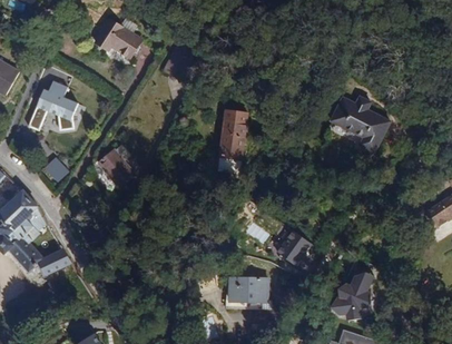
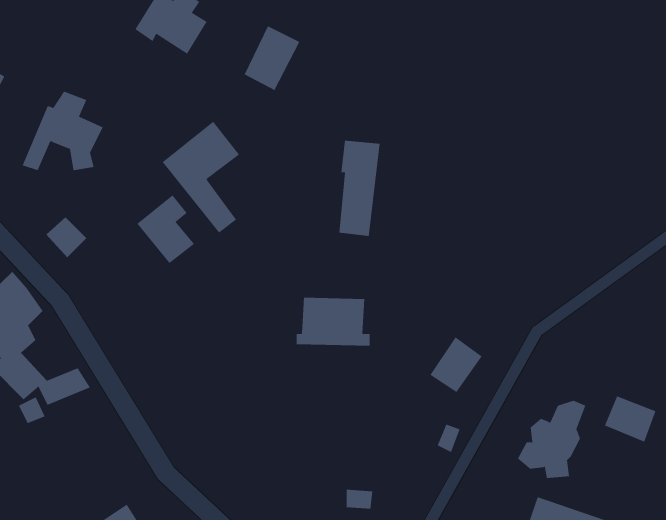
building: [322,98,389,164] -> none
building: none -> [162,121,240,234]
building: none -> [604,396,656,443]
building: [226,277,272,307] -> [296,297,370,346]

